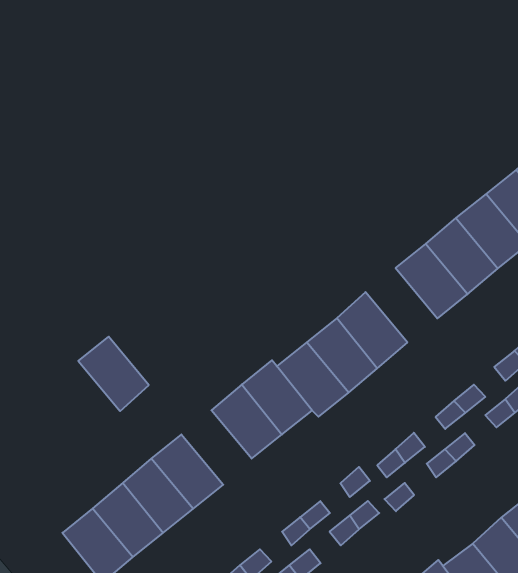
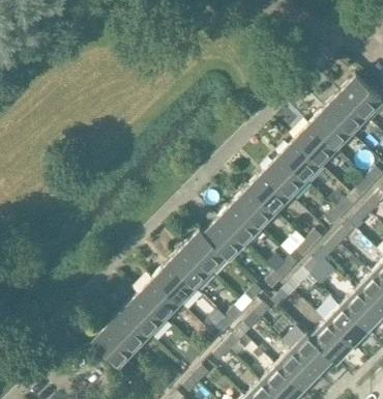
building: none -> [248,171,291,212]
building: [78,337,149,411] -> [153,263,195,305]

